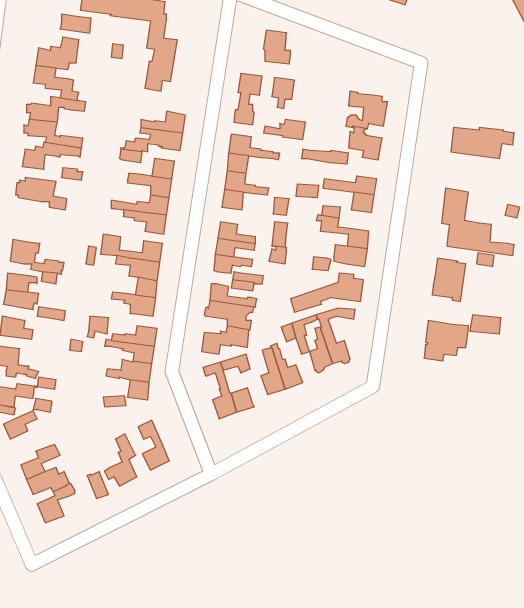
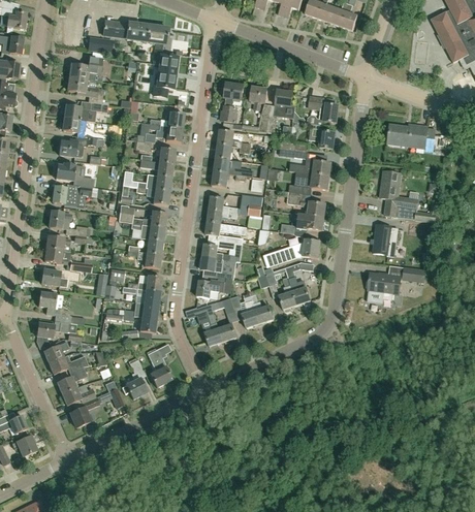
building: [264,30,291,64] -> [275,90,295,116]
building: none -> [53,184,92,204]
building: none -> [50,354,89,374]

